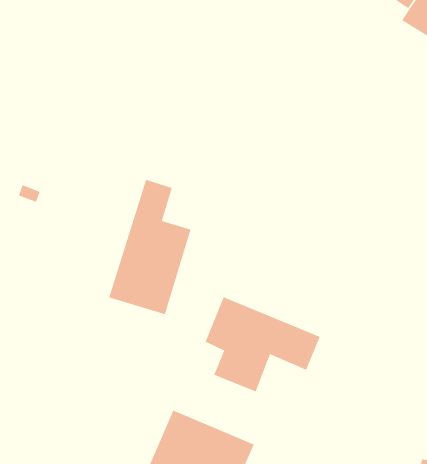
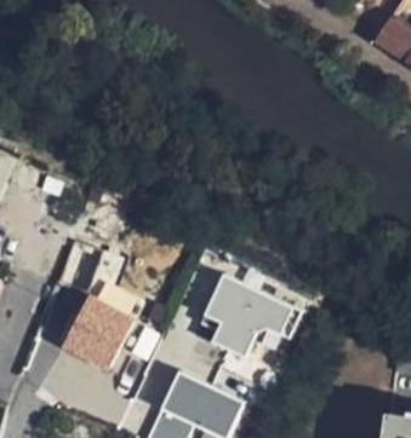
building: [108,179,192,315] -> [65,254,136,369]

